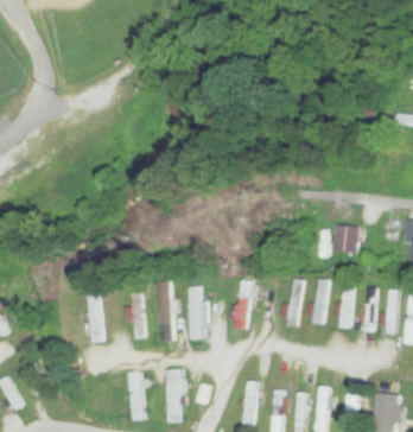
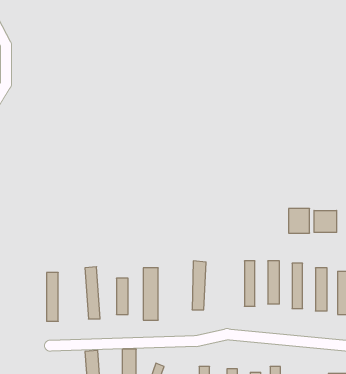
building: none -> [314,210,337,232]

